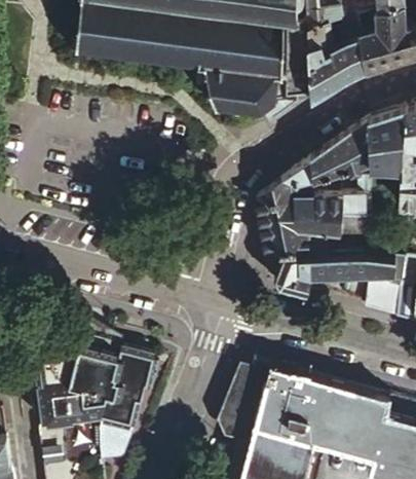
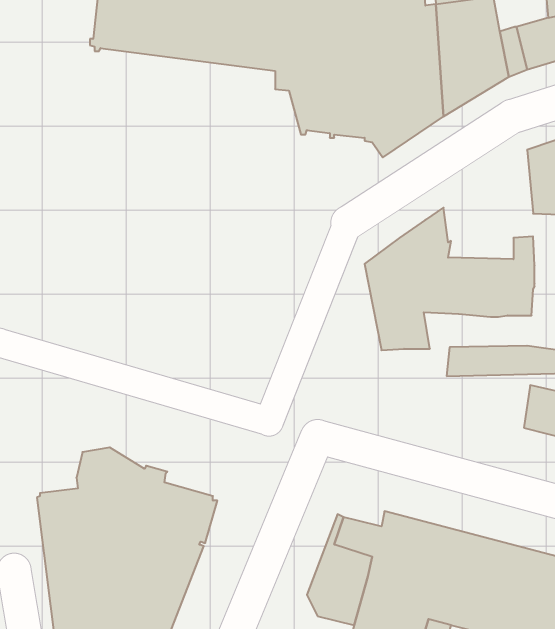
building: [310,124,371,187] -> none
building: [275,258,314,297] -> none

